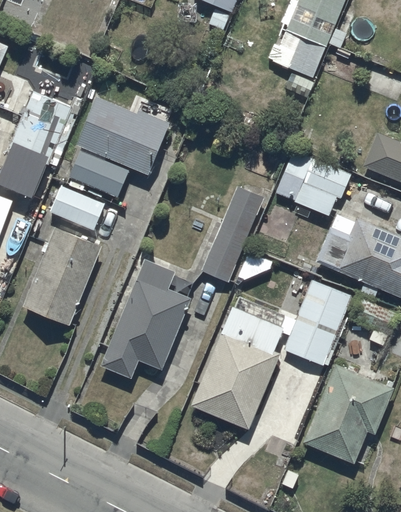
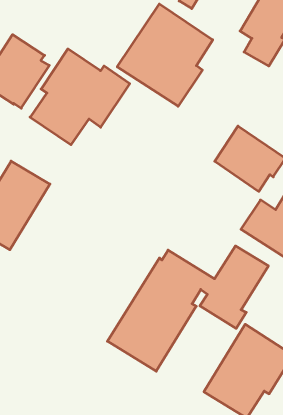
building: none -> [117,4,213,106]
building: [49,185,105,231] -> none
building: [201,187,263,282] -> none
building: [100,258,192,378] -> none

